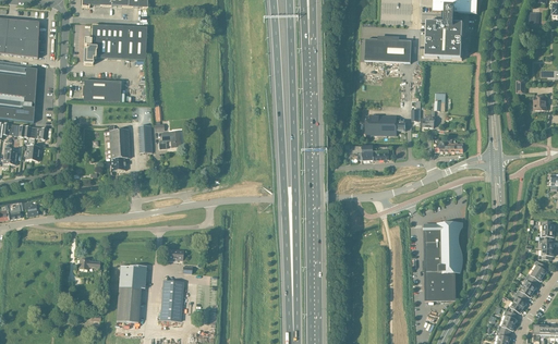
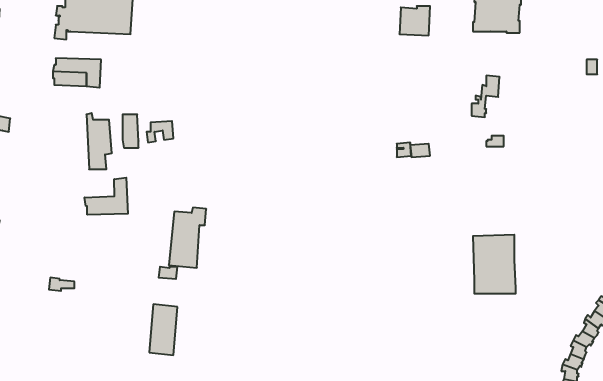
building: [388,37,411,62] -> none
building: [365,115,401,135] -> none
building: none -> [85,178,128,215]
building: [425,271,454,300] -> none
building: [116,273,146,322] -> [169,208,206,268]

